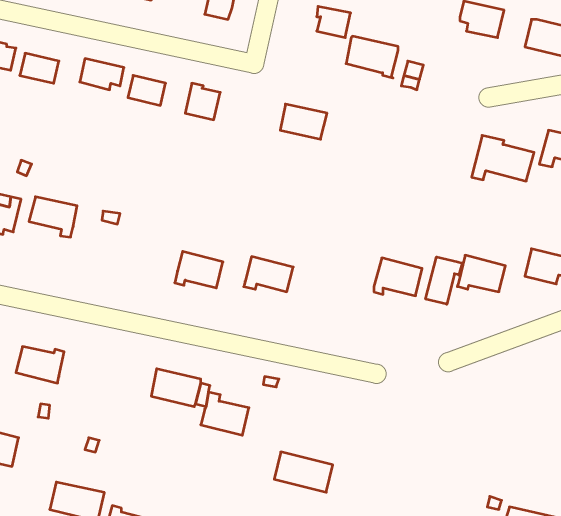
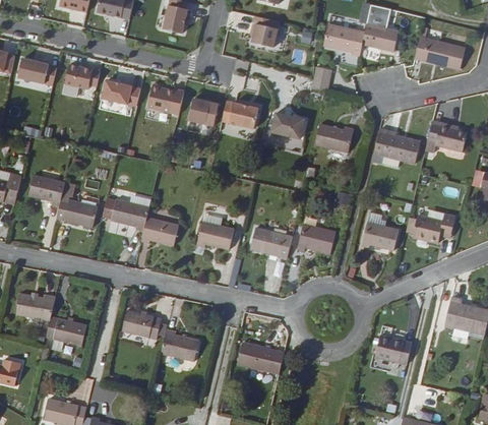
building: [346,36,398,78] -> [322,24,363,57]
building: none -> [193,101,215,126]
building: none -> [272,113,305,138]
building: none -> [315,121,353,149]
building: none -> [56,196,98,226]
building: none -> [101,196,148,231]
building: [426,257,462,304] -> none
building: none -> [249,226,291,255]
building: none -> [45,313,81,342]
building: none -> [375,331,411,360]
building: [274,452,333,492] -> [237,340,283,371]

